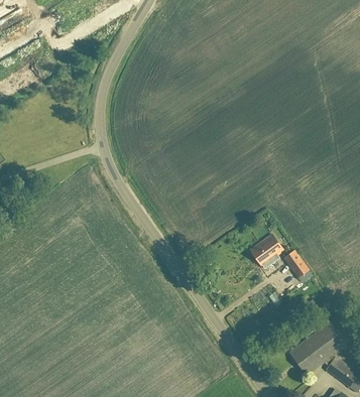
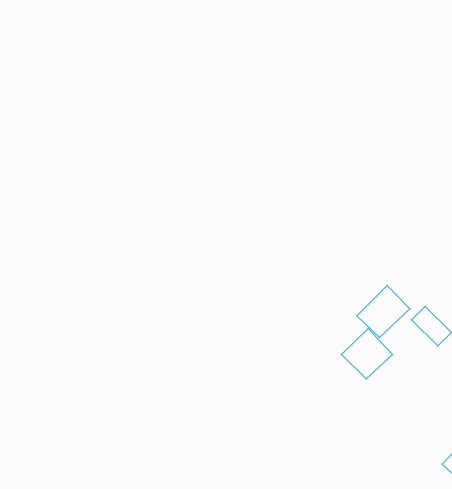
building: none -> [341,328,392,379]

